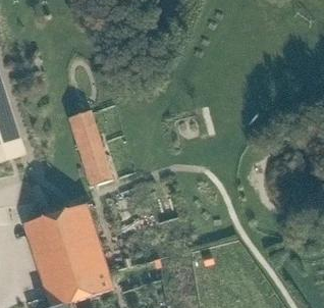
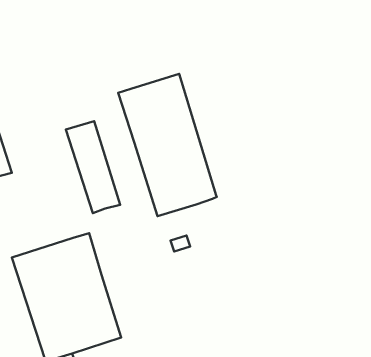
building: none -> [118,74,217,216]

